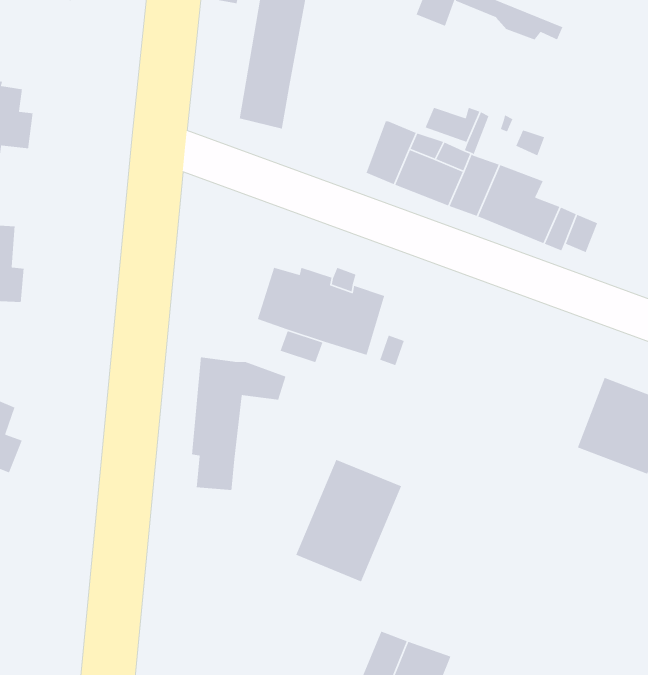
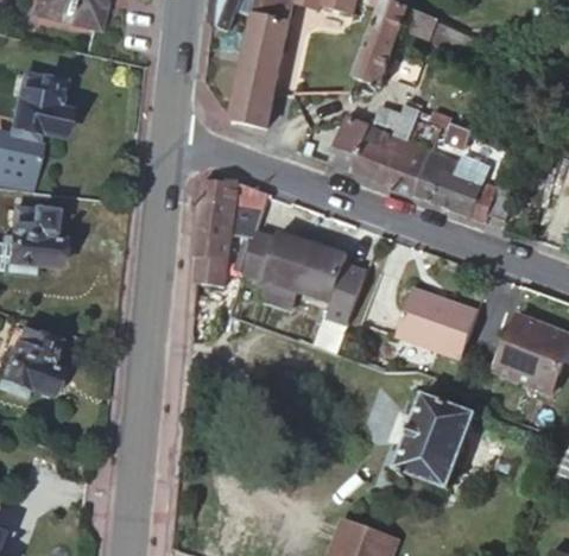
building: none -> [354,33,393,88]
building: none -> [396,288,479,361]
building: [191,357,286,491] -> [195,178,270,284]
building: [295,459,402,582] -> [396,392,480,489]

